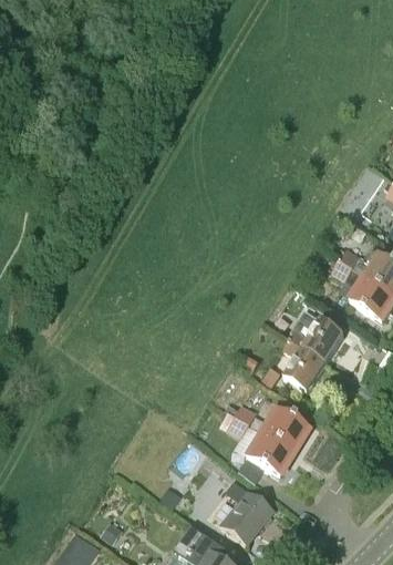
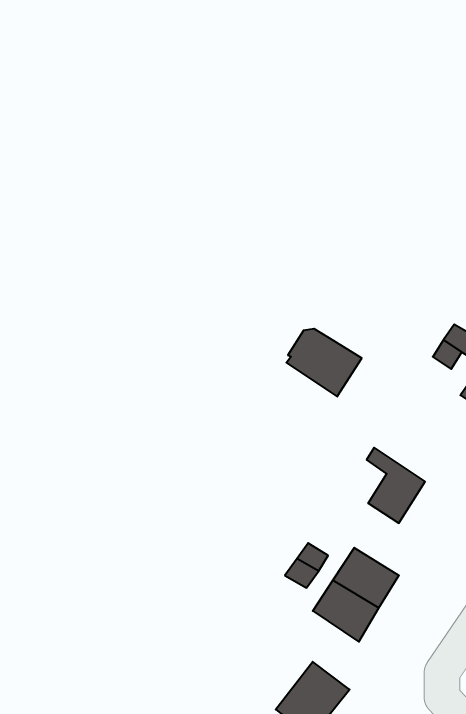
building: [290,311,344,360] -> [286,329,362,397]

